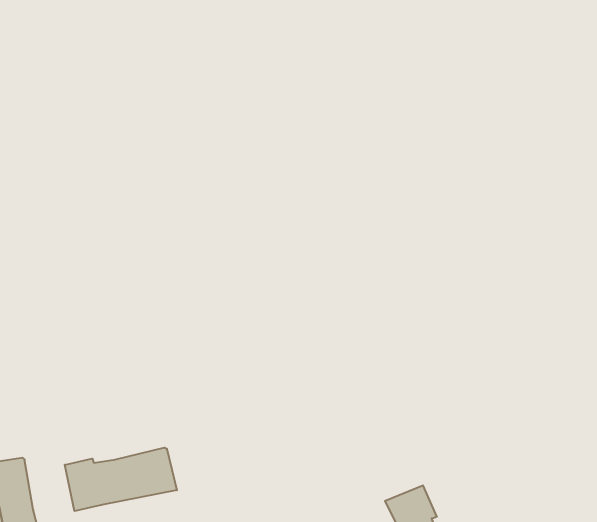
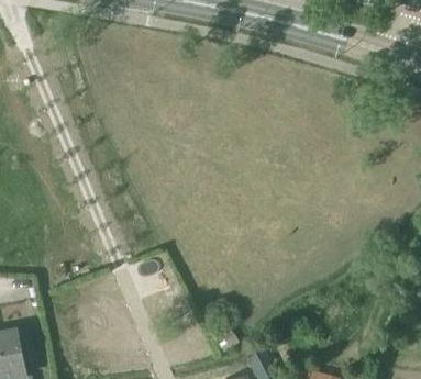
building: [65,448,177,511] -> none

